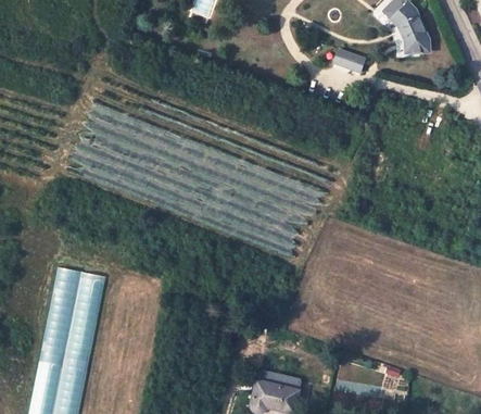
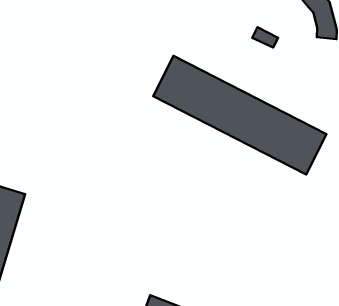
building: none -> [153,56,327,174]

